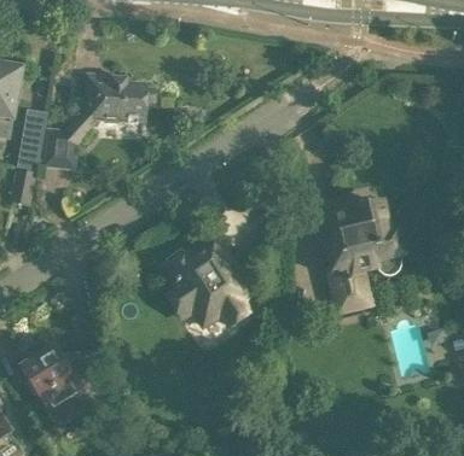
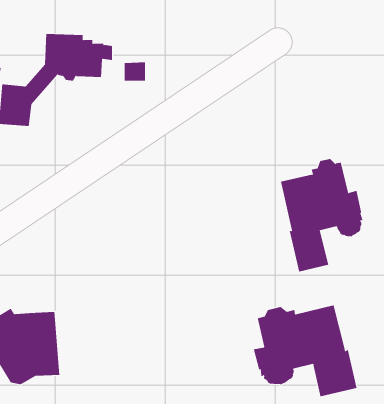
building: [163,242,249,323] -> none
building: none -> [253,305,357,397]

